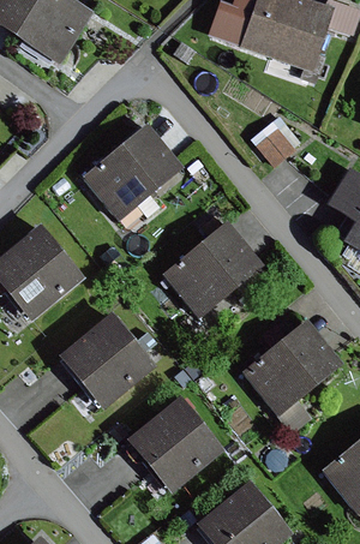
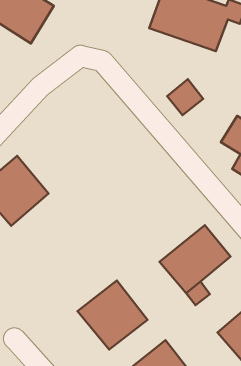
building: [83,124,181,220] -> none
building: [162,221,260,317] -> none
building: [60,313,156,410] -> none

